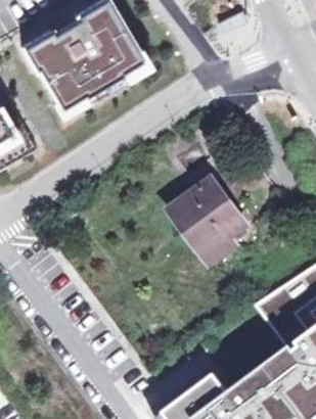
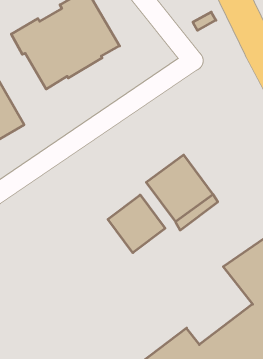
building: none -> [108,195,165,253]

